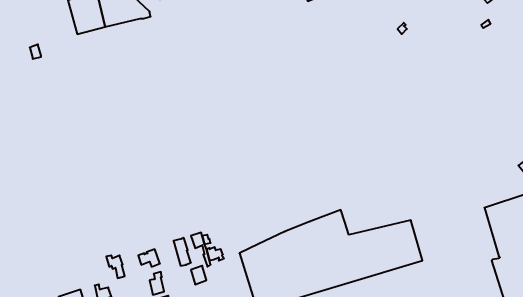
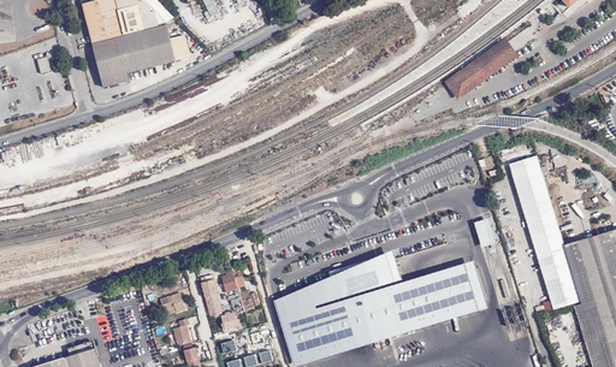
building: none -> [90,25,172,88]
building: none -> [444,37,517,100]
building: none -> [509,156,581,310]

